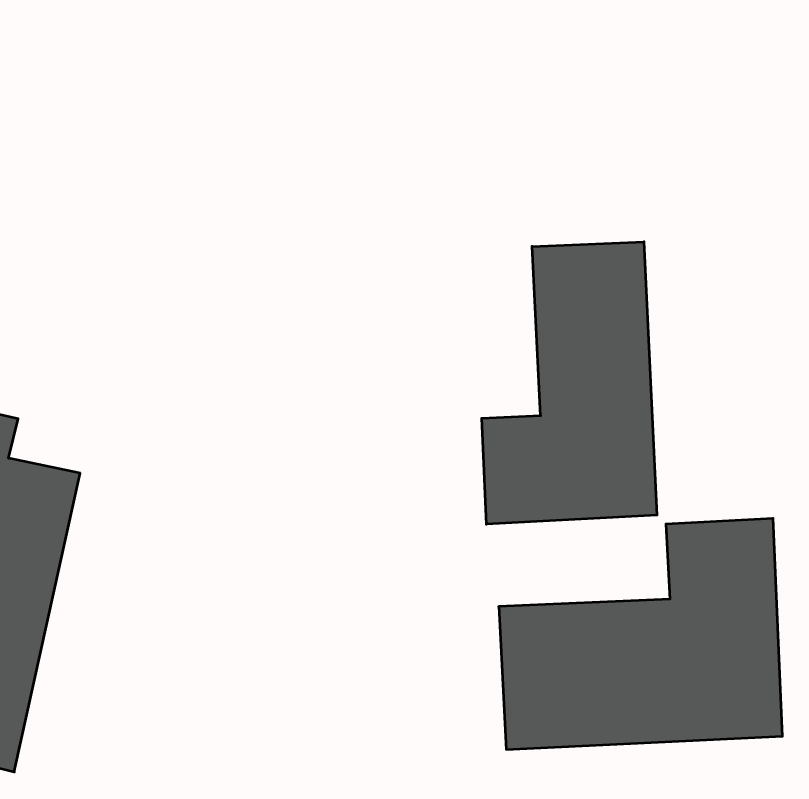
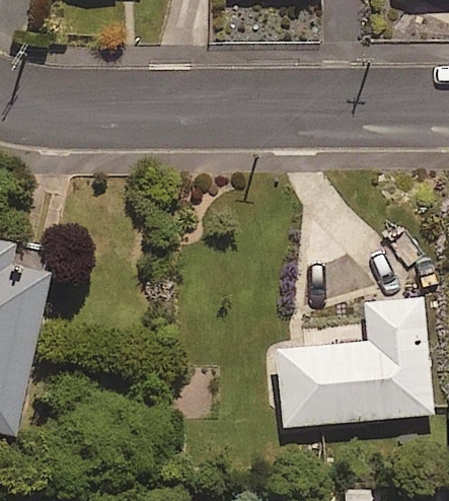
building: [482,242,657,524] -> none

